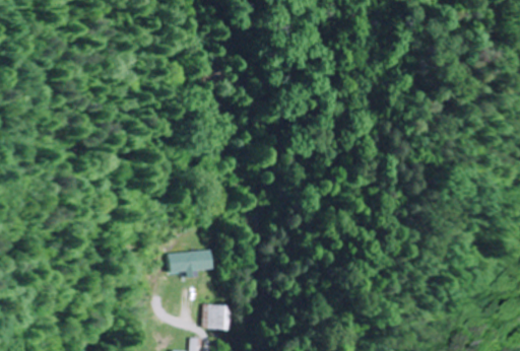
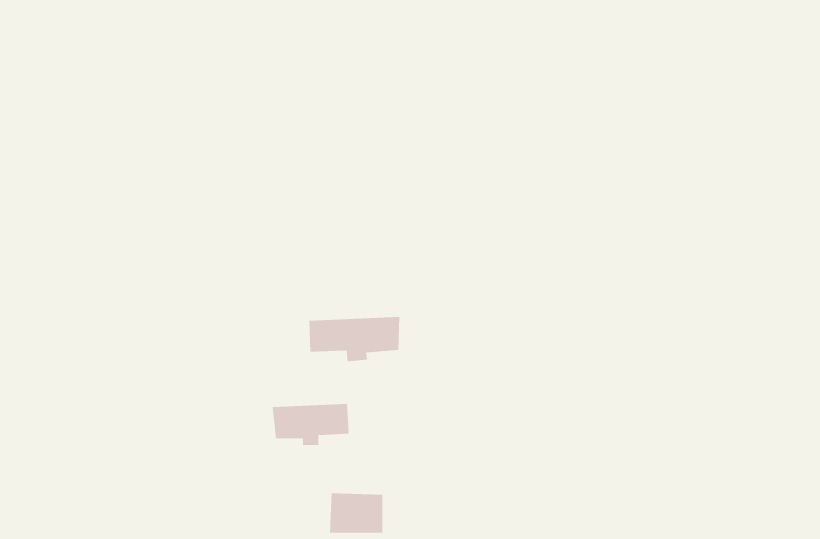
building: none -> [309,316,400,362]

